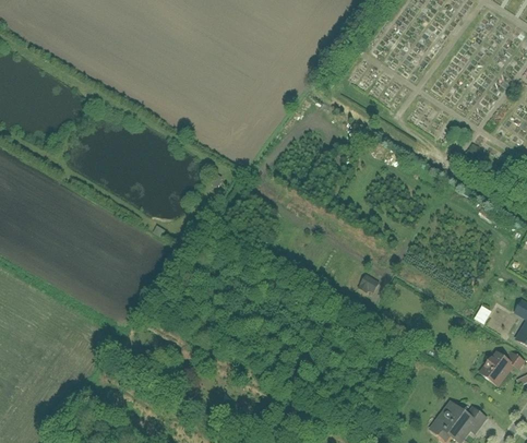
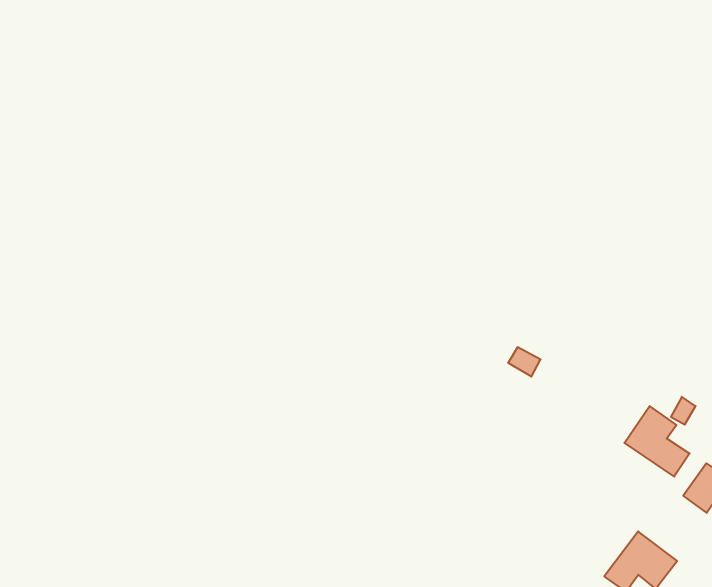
building: none -> [624,406,690,477]

